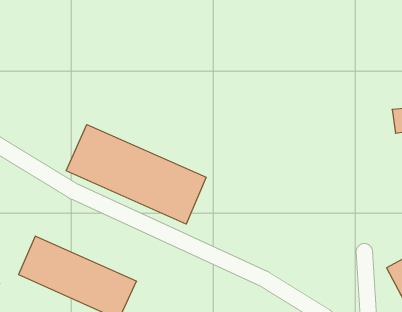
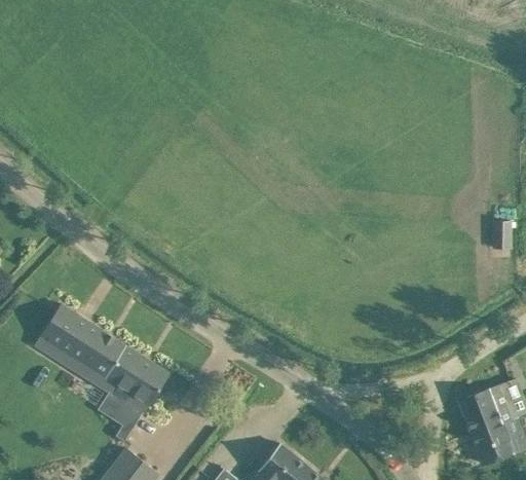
building: [66,125,206,224] -> none

